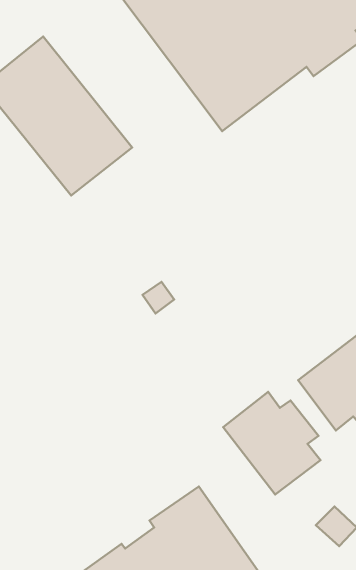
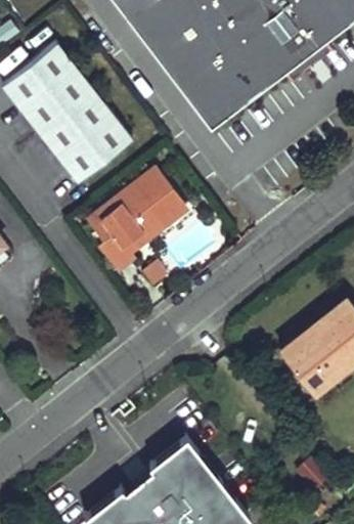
building: none -> [92,171,187,269]
building: [223,392,320,494] -> none

